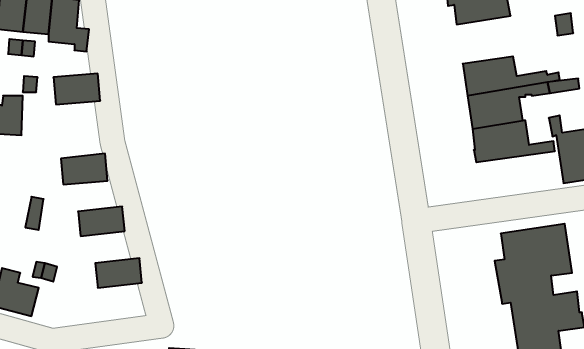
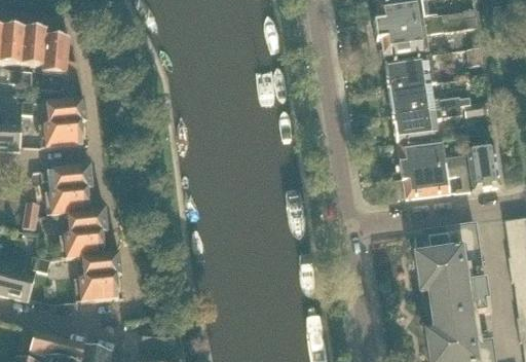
building: none -> [383,52,435,88]
building: none -> [42,119,87,146]
building: none -> [393,161,468,196]
building: none -> [48,186,103,213]
building: none -> [57,228,117,257]
building: none -> [77,272,122,299]

